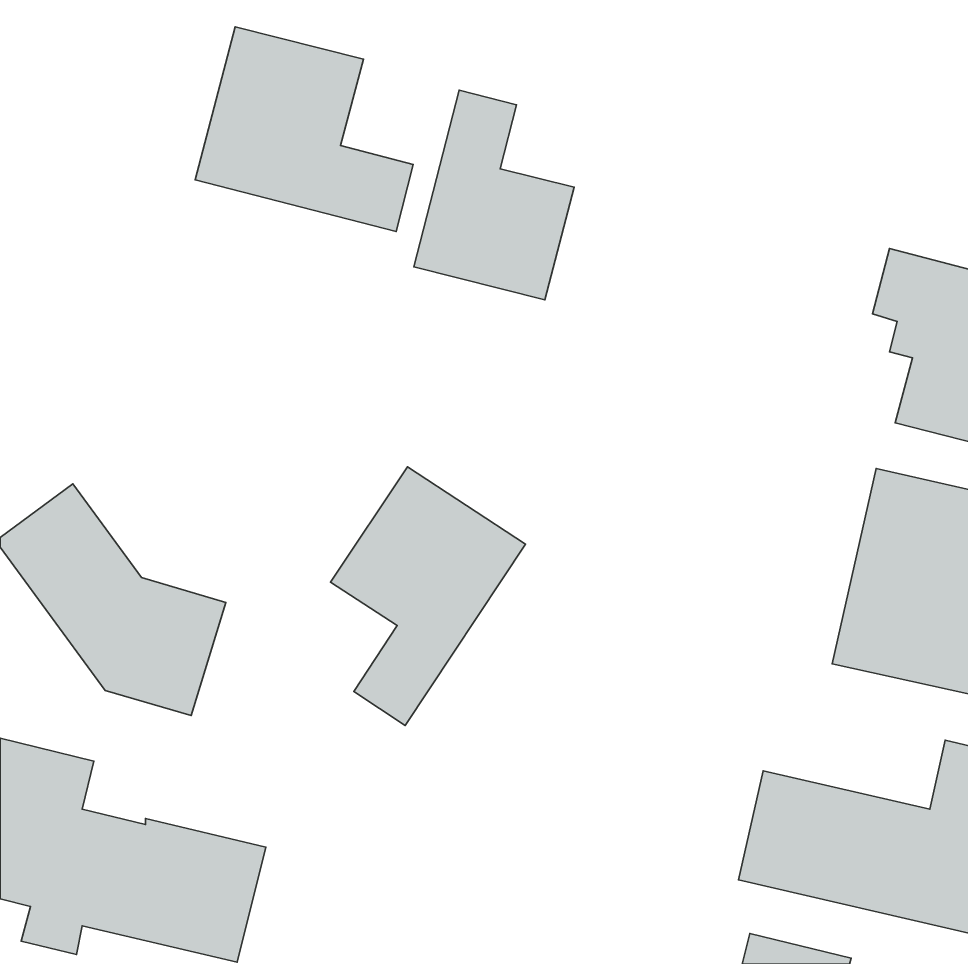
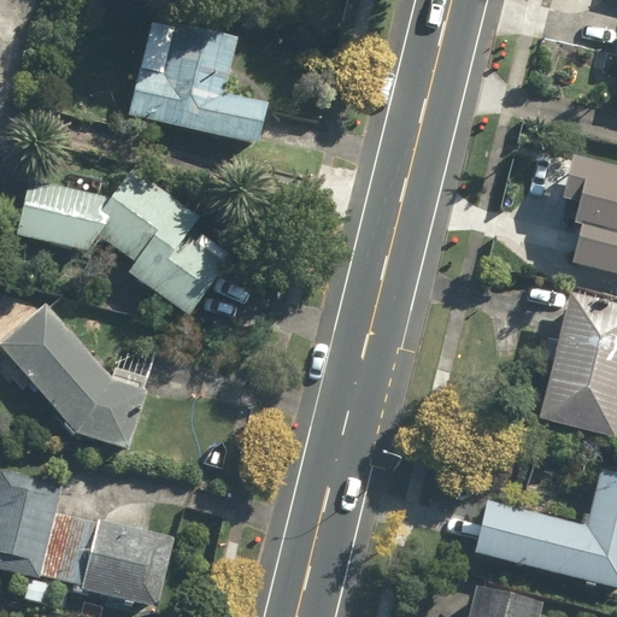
building: [414,90,574,300] -> none
building: none -> [20,169,230,316]
building: [330,467,525,725] -> none

